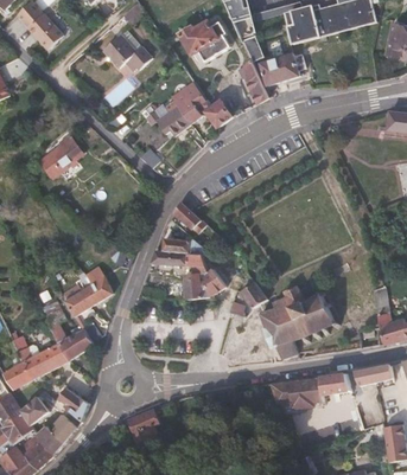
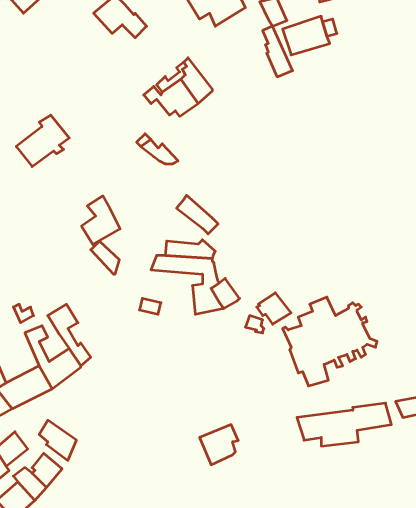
building: [182,81,231,128] -> none
building: [81,267,113,307] -> [82,196,120,245]
building: [128,410,160,443] -> [200,425,238,465]

